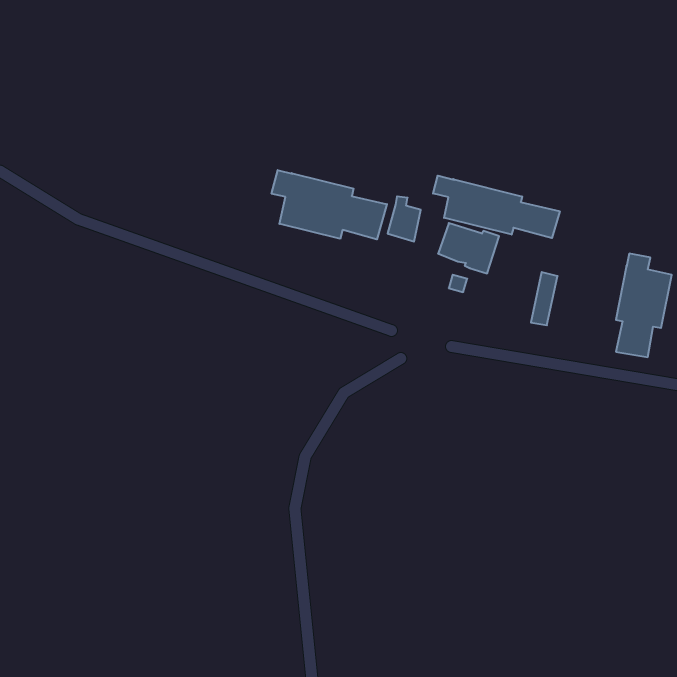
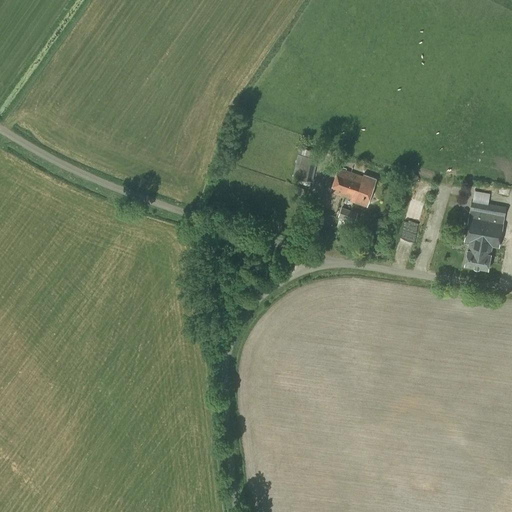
building: [272,170,387,239] -> none
building: [433,176,560,238] -> none

